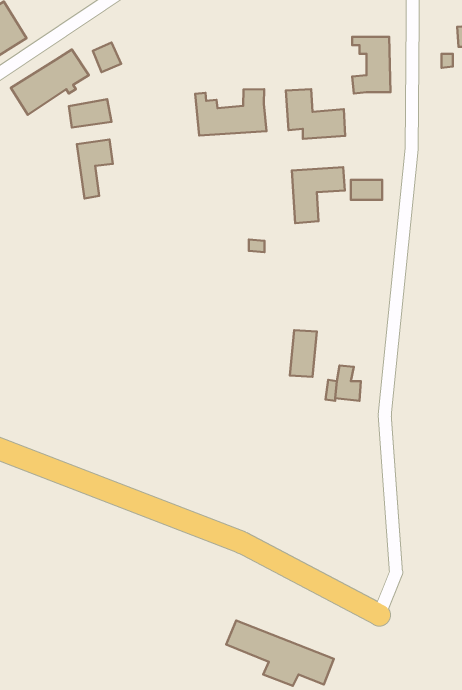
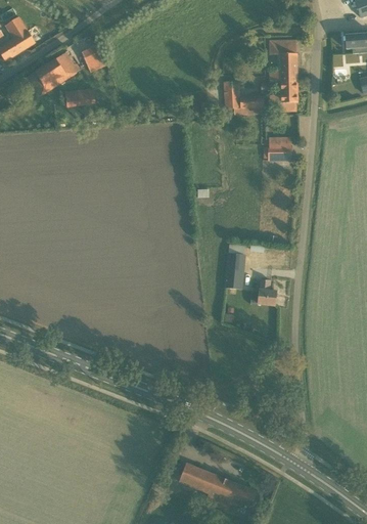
building: [195,89,266,136] -> none
building: none -> [271,81,297,110]
building: [77,139,113,198] -> none
building: [292,167,345,223] -> none

